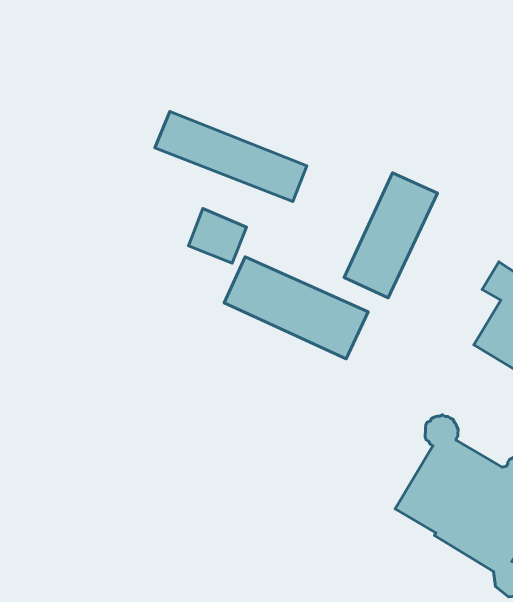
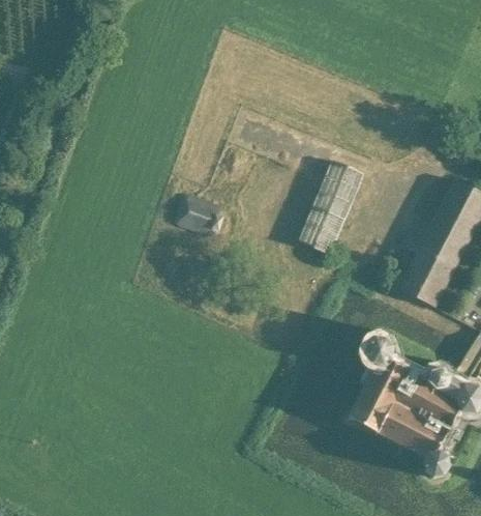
building: [155,112,307,201] -> none
building: [224,257,368,359] -> none

